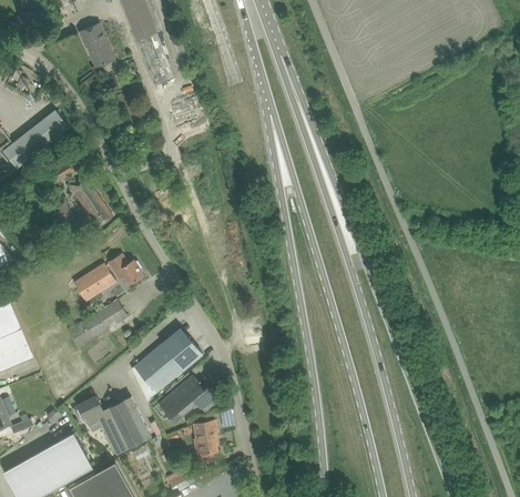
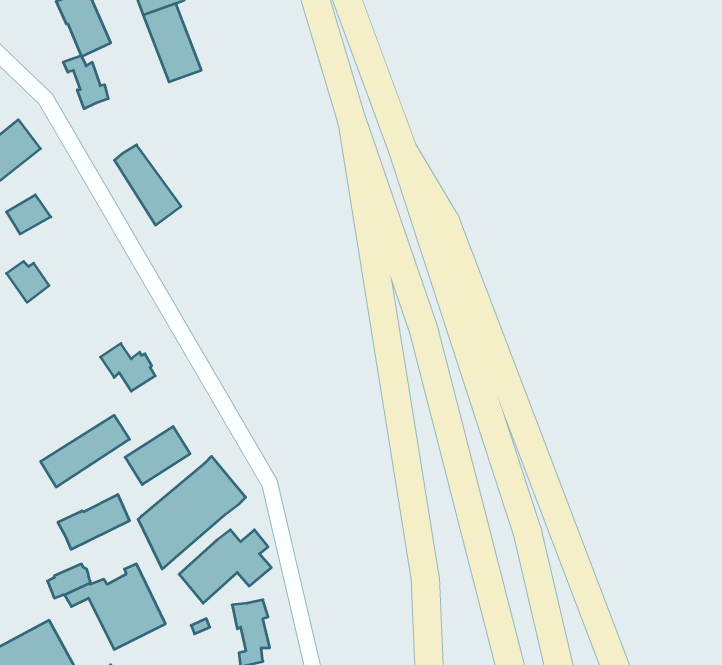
building: none -> [63,56,108,109]
building: [70,176,113,229] -> [114,145,181,225]
building: [73,263,115,301] -> [125,426,190,485]
building: none -> [58,494,130,549]

